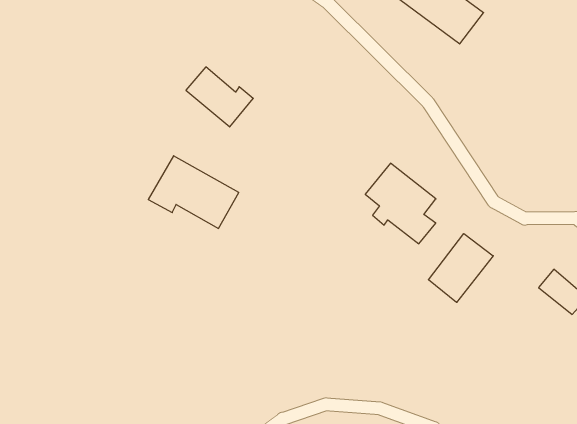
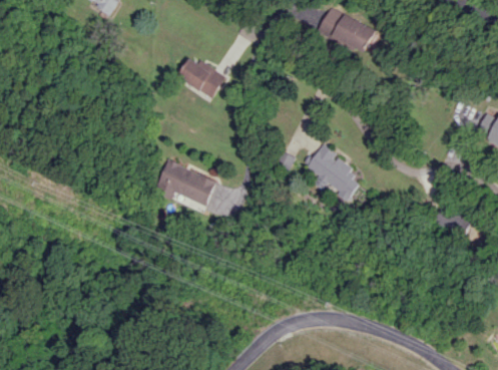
building: [186,67,253,127] -> [178,58,226,98]
building: [428,234,493,302] -> none

